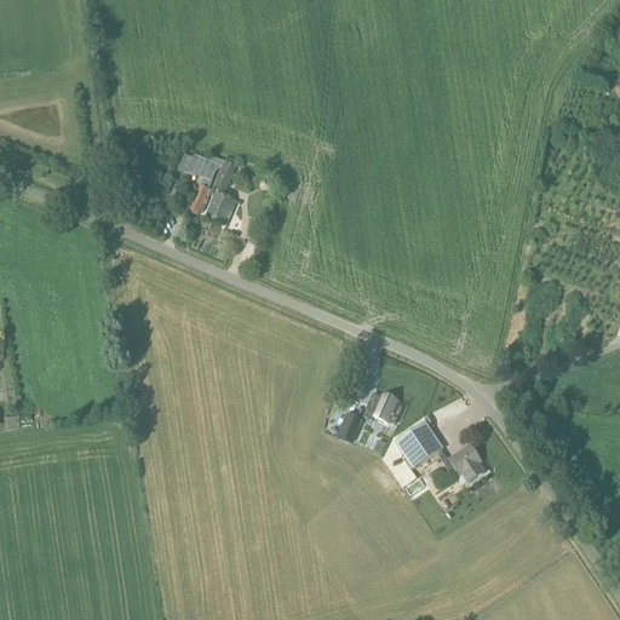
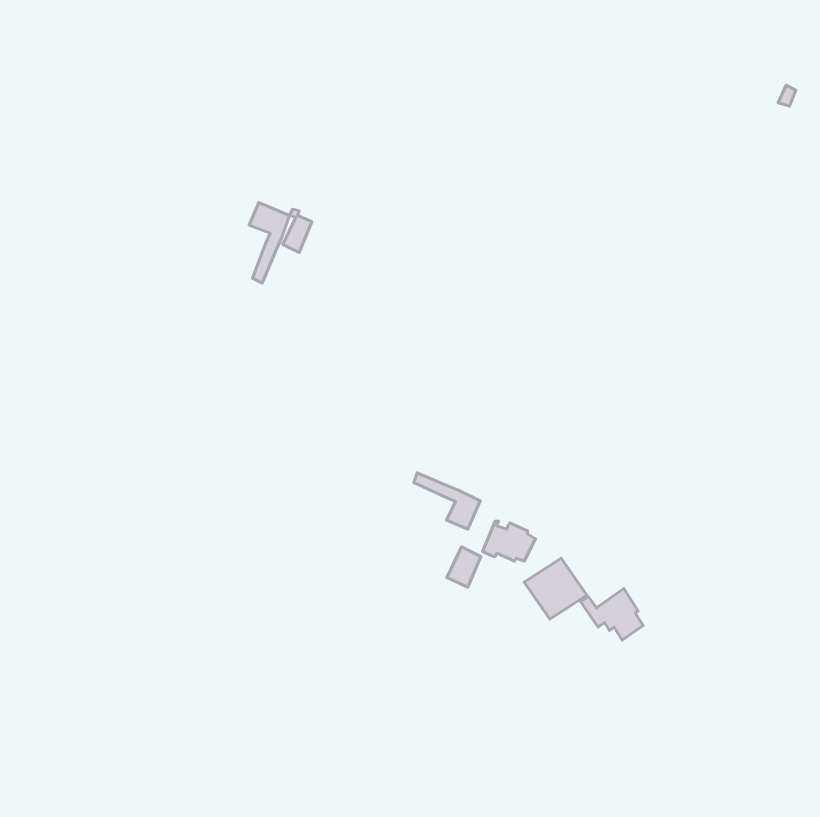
building: [206,190,237,224] -> none
building: none -> [414,473,480,529]

